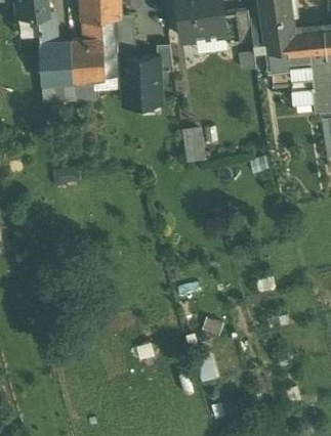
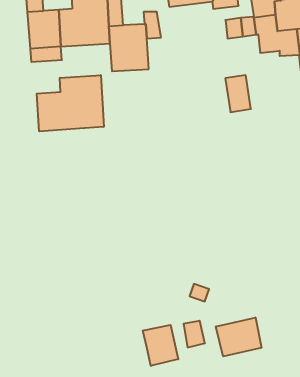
building: none -> [37,75,104,131]
building: [180,124,206,161] -> [225,75,251,112]
building: none -> [216,317,261,356]
building: none -> [143,325,178,366]

